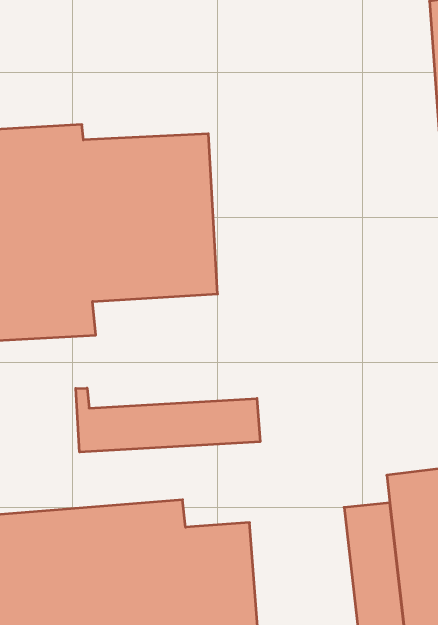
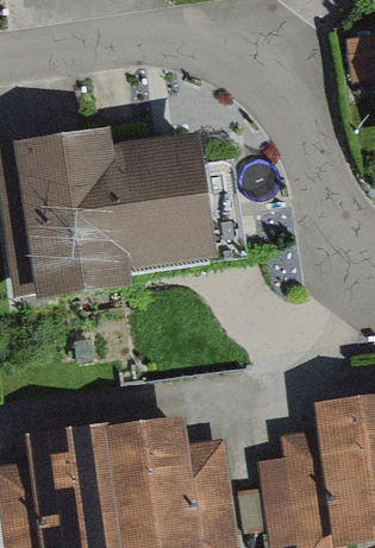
building: [76,388,260,452] -> none

